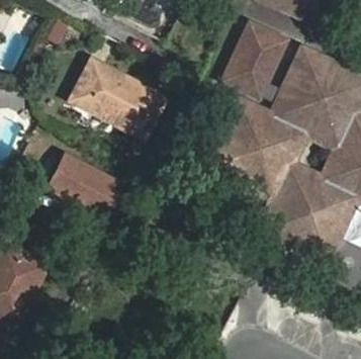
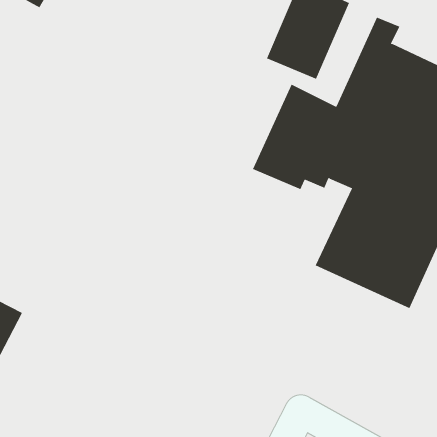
building: [69,57,164,136] -> none
building: [46,152,120,216] -> none

